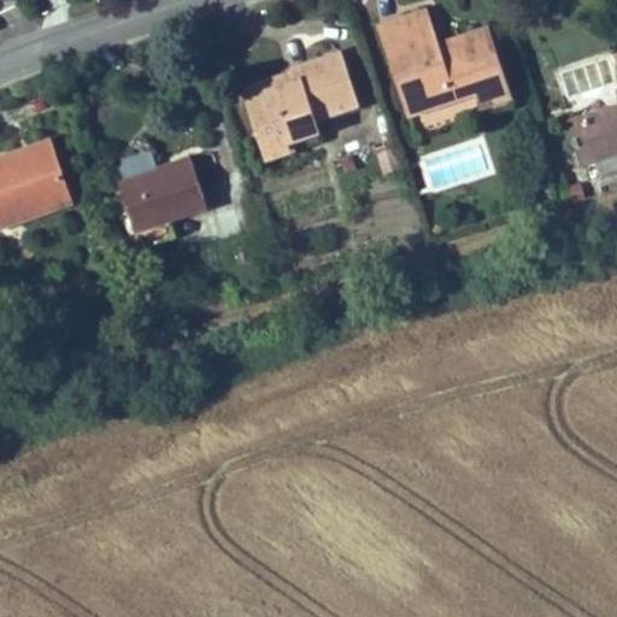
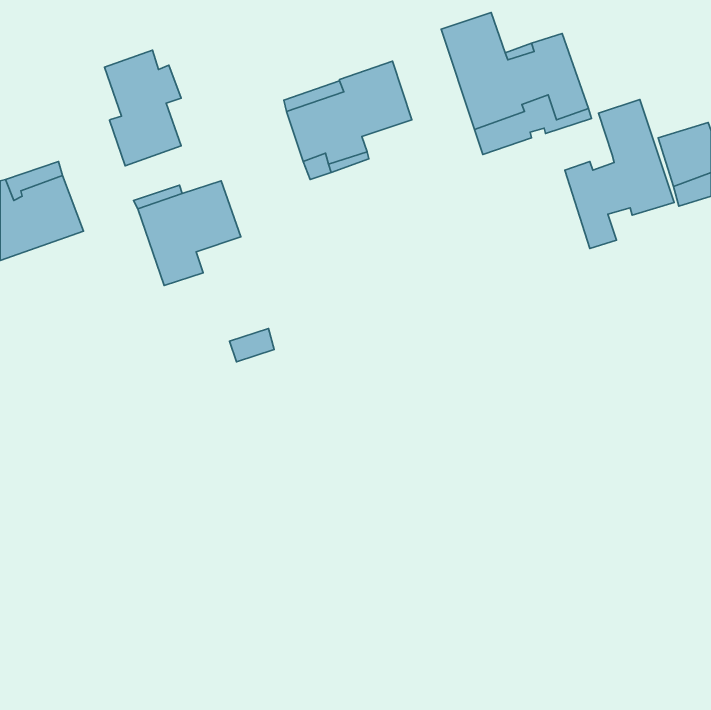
building: none -> [104,50,181,166]
building: none -> [565,99,674,248]

